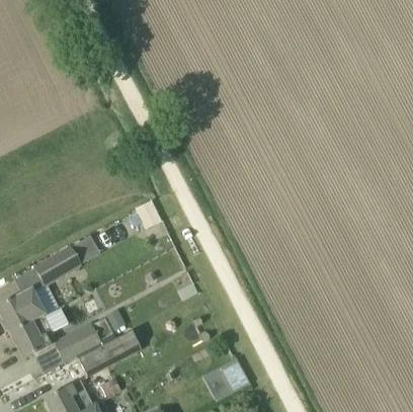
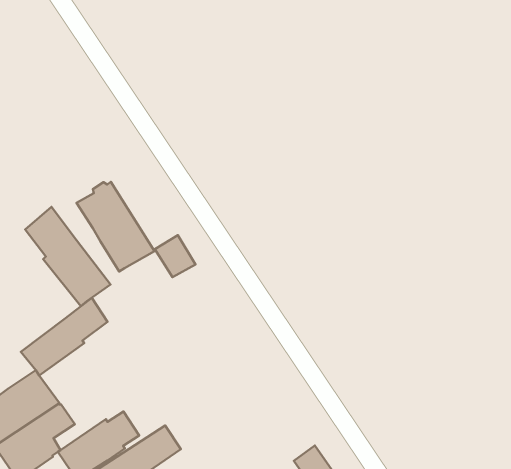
building: none -> [77,182,155,272]
building: none -> [25,207,110,306]

